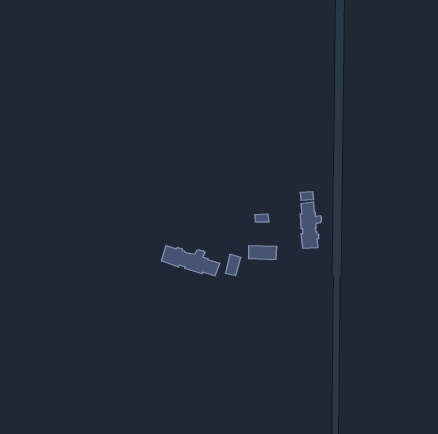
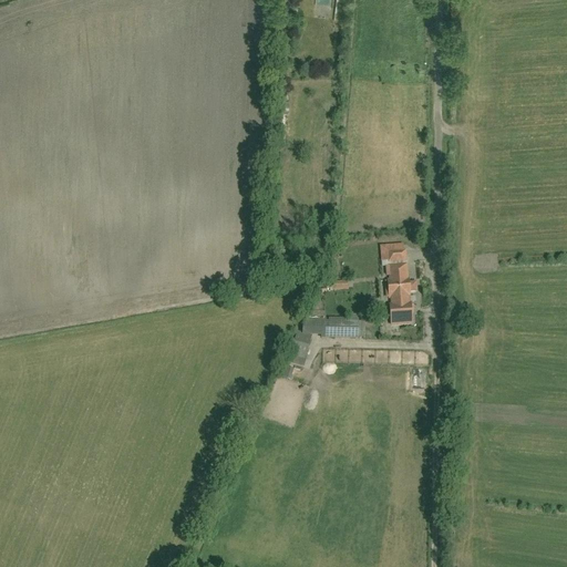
building: [161,245,220,276] -> none

